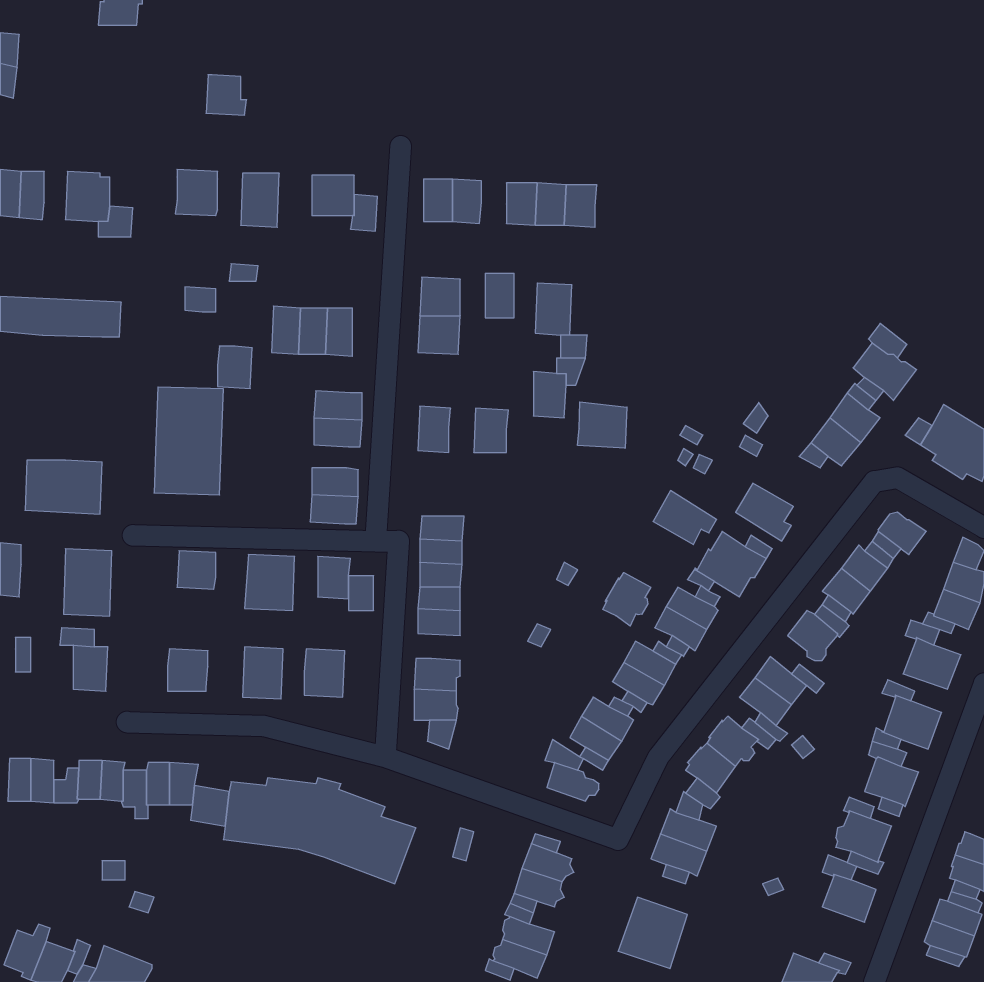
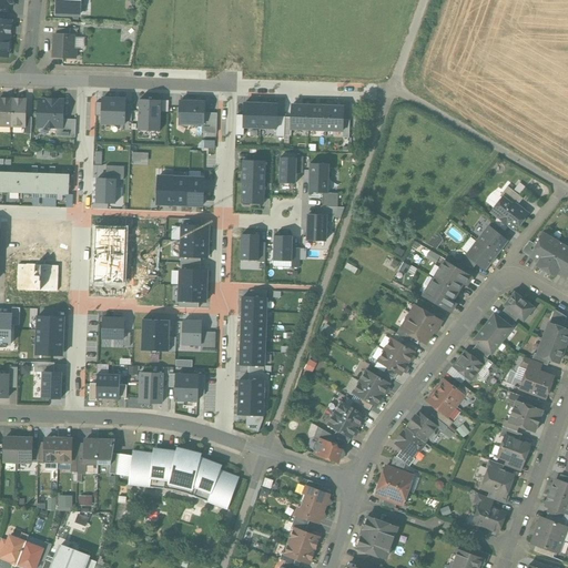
building: [206,75,247,115] -> [53,34,77,58]
building: [218,346,252,388] -> [97,179,116,203]
building: [578,402,627,448] -> none
building: [653,491,717,545] -> [434,261,470,292]
building: [603,573,651,626] -> none

